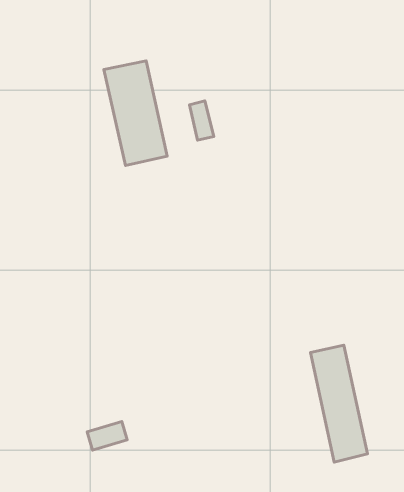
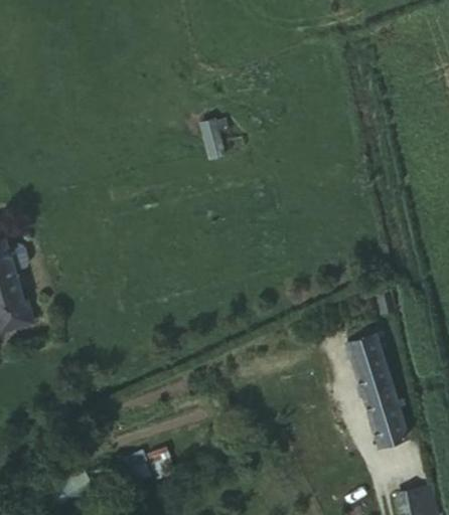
building: [104,61,167,166] -> none

